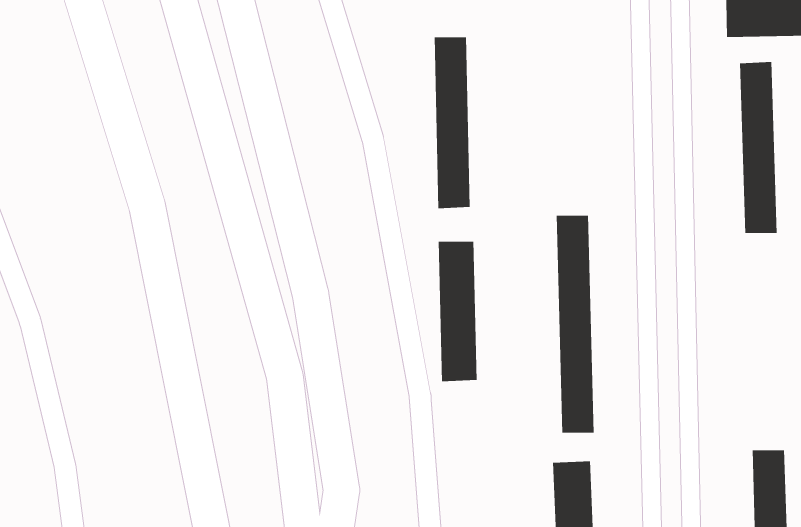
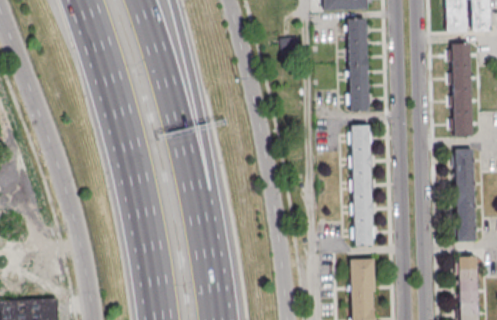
building: [434,37,471,209] -> [348,20,368,114]
building: [438,241,477,382] -> none
building: none -> [456,150,477,244]

